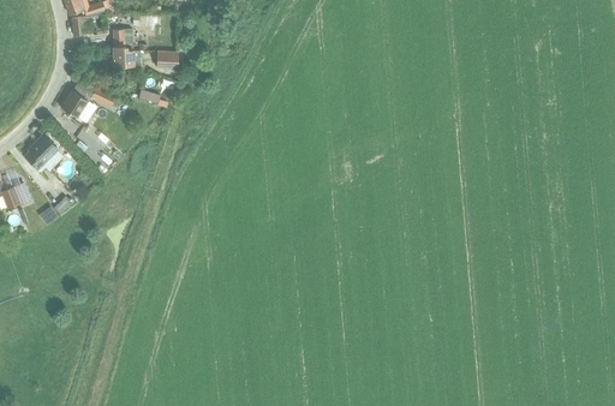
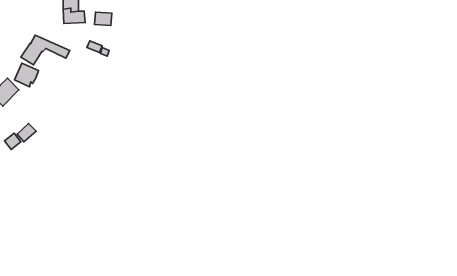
building: none -> [14,63,38,87]

